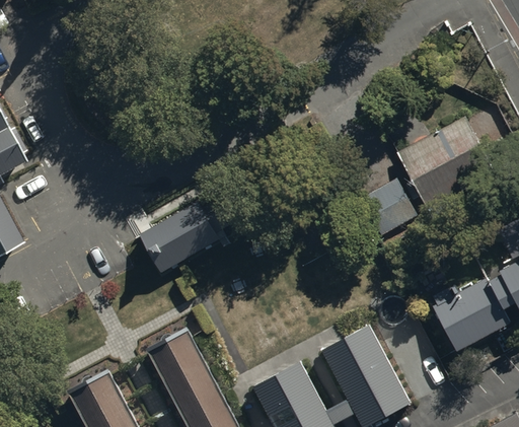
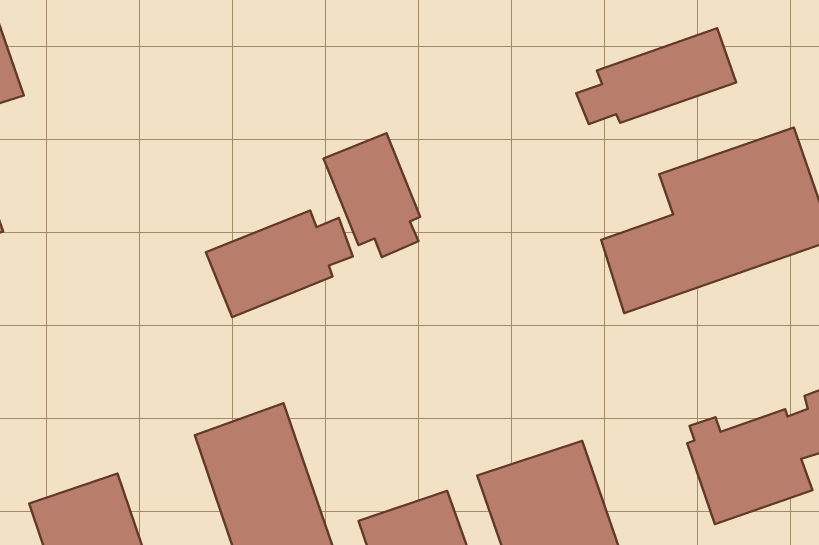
building: none -> [576,28,736,124]
building: none -> [324,133,420,257]

